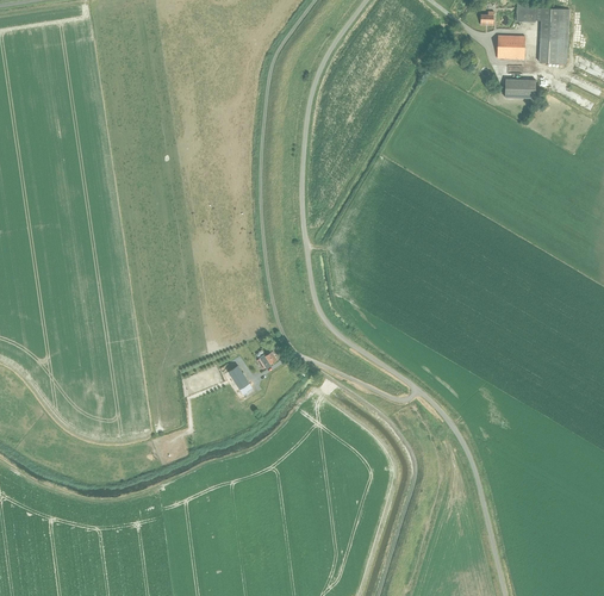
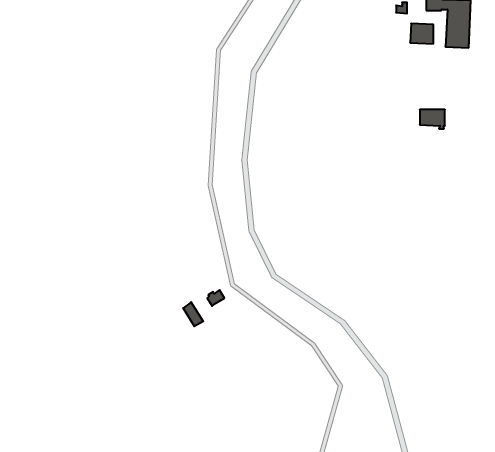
building: [505,79,535,101] -> [420,110,445,129]

